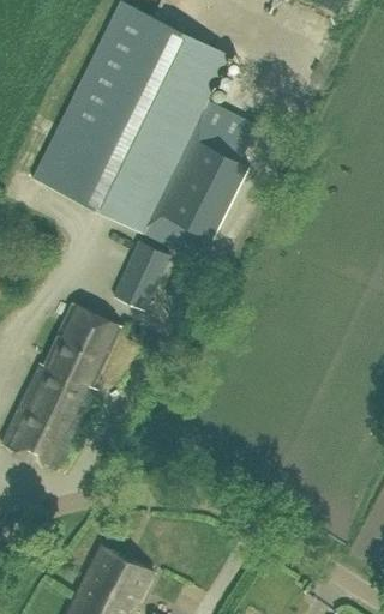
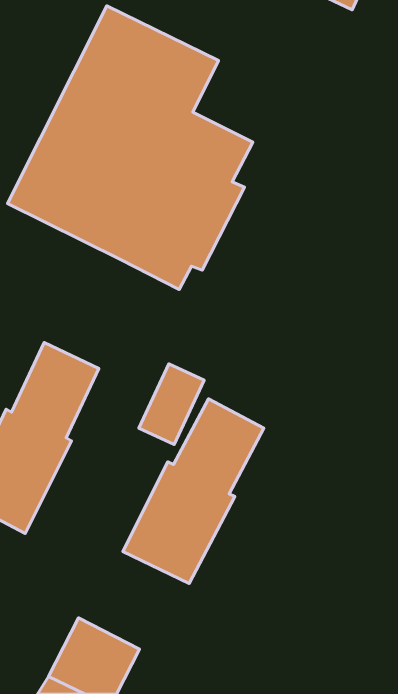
building: [112,240,169,311] -> [139,364,204,444]
building: none -> [123,399,264,583]

